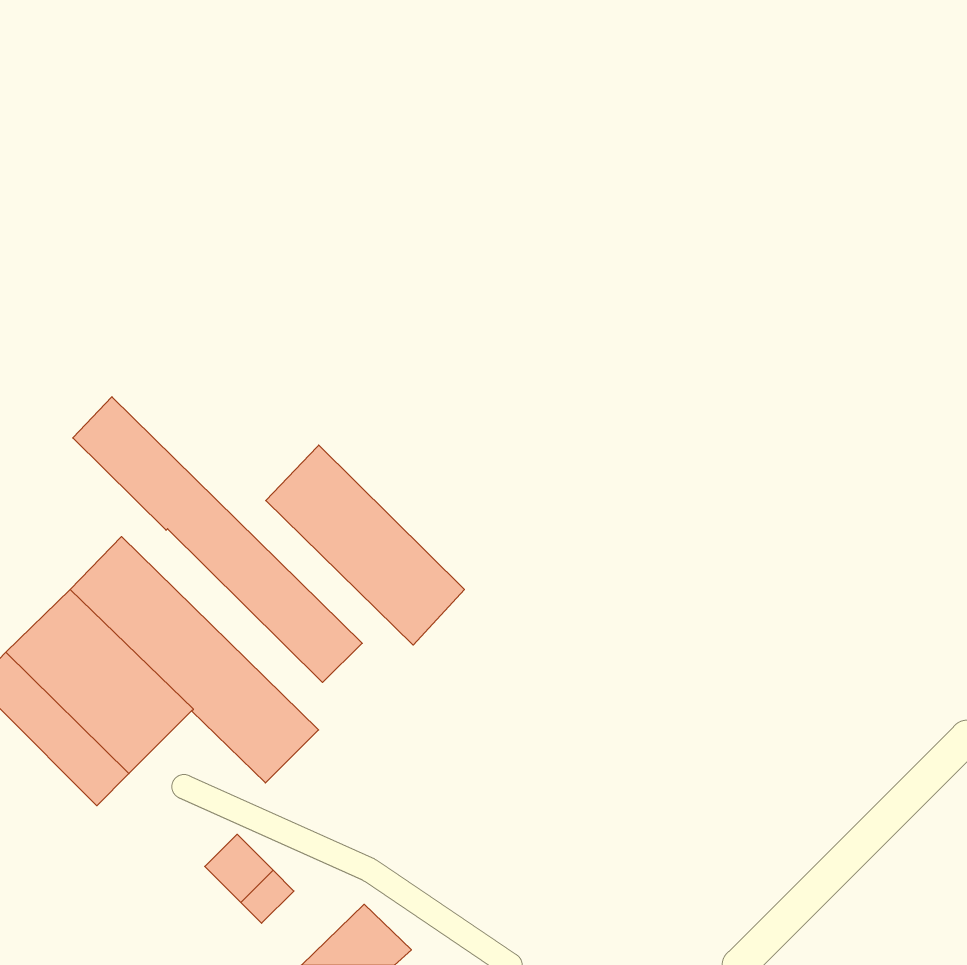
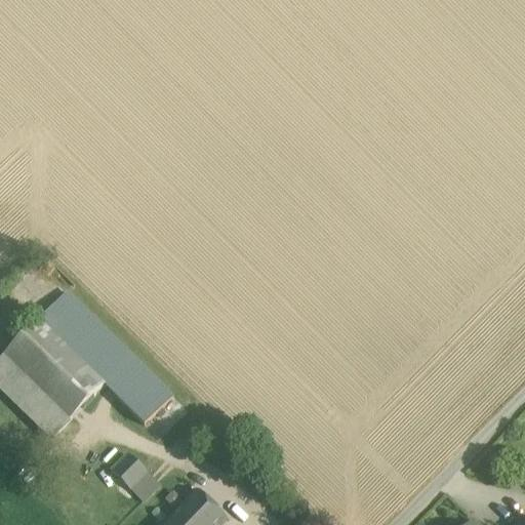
building: [73,397,362,682] -> none
building: [266,445,464,645] -> none

